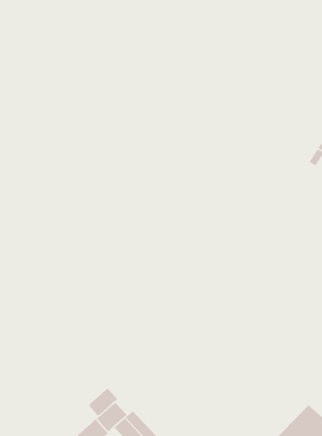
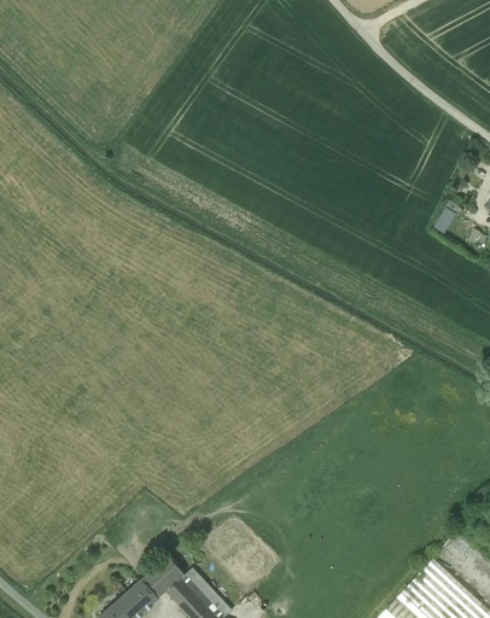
building: [88,387,118,417] -> none

